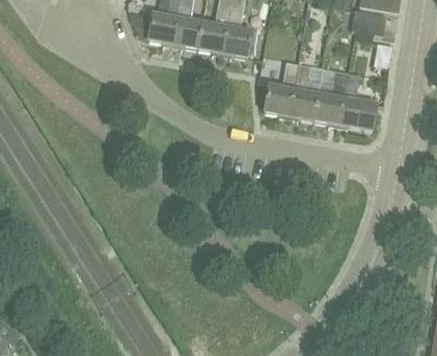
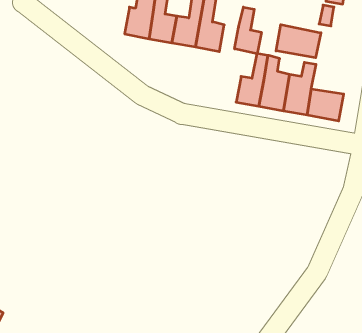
building: none -> [235,7,261,54]
building: none -> [276,25,321,58]

